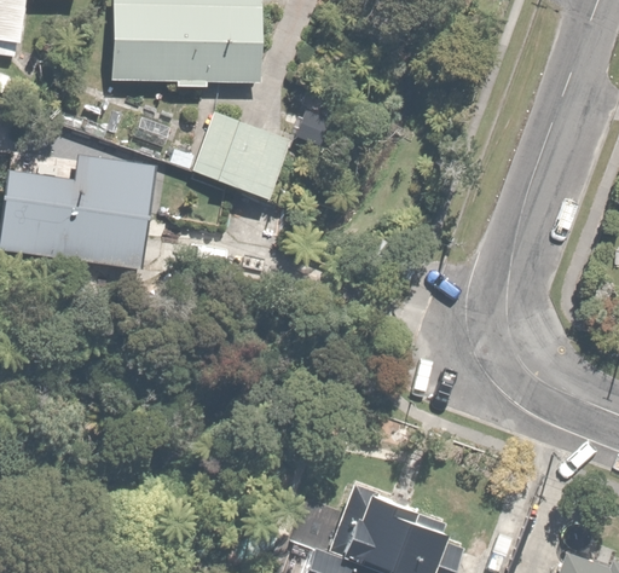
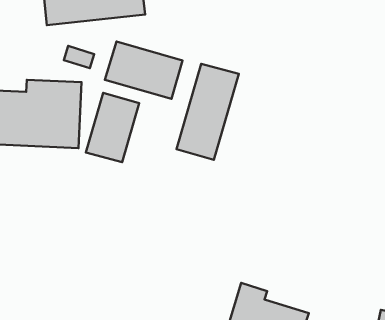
building: none -> [177,64,239,160]
building: none -> [86,93,139,162]

